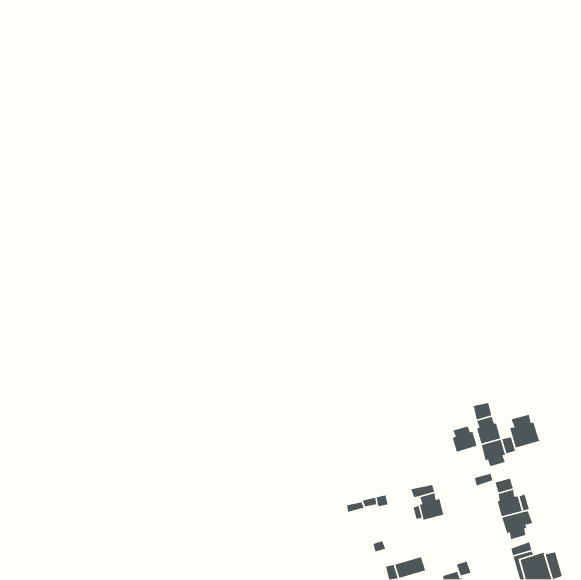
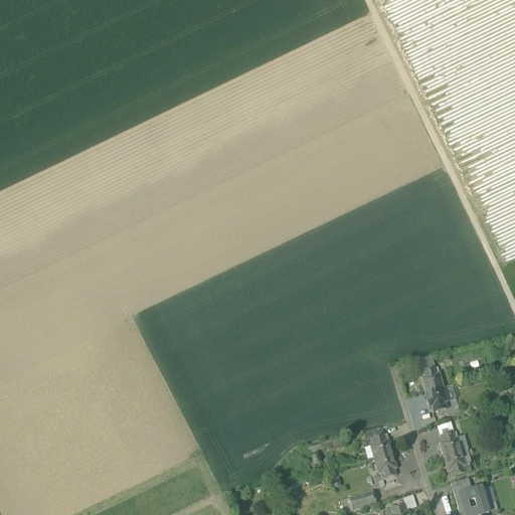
building: [509,414,541,448] -> none
building: [452,426,477,453] -> none
building: none -> [374,455,397,480]

